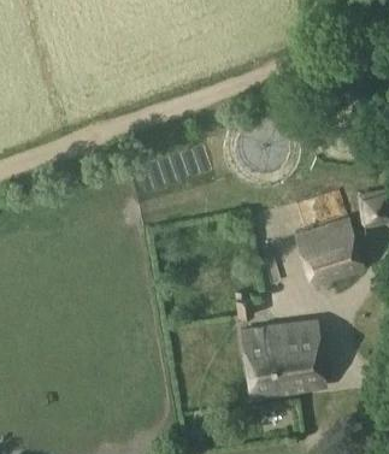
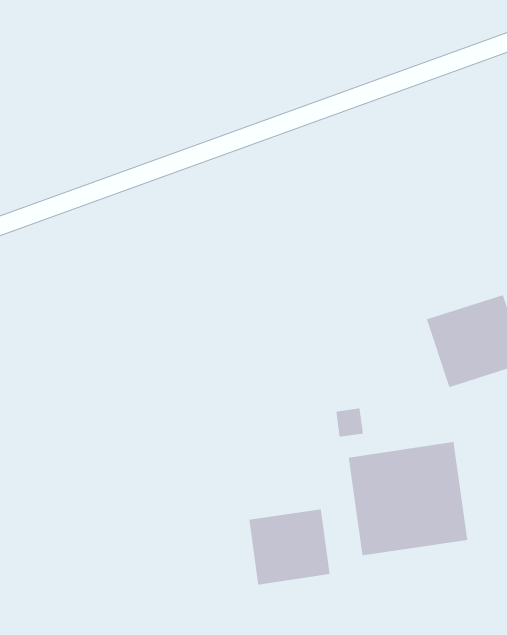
building: none -> [248,508,330,585]

